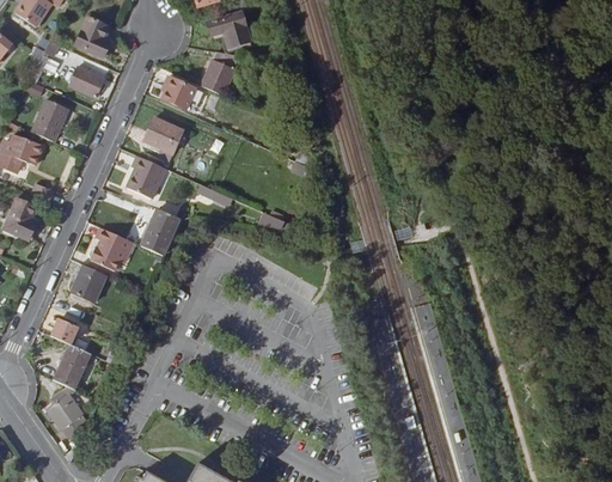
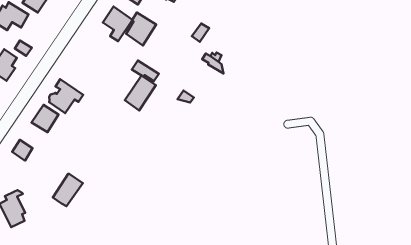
building: [127,154,165,197] -> [126,12,156,45]
building: [140,207,178,255] -> [125,75,156,111]
building: [54,343,91,388] -> [53,174,83,206]

